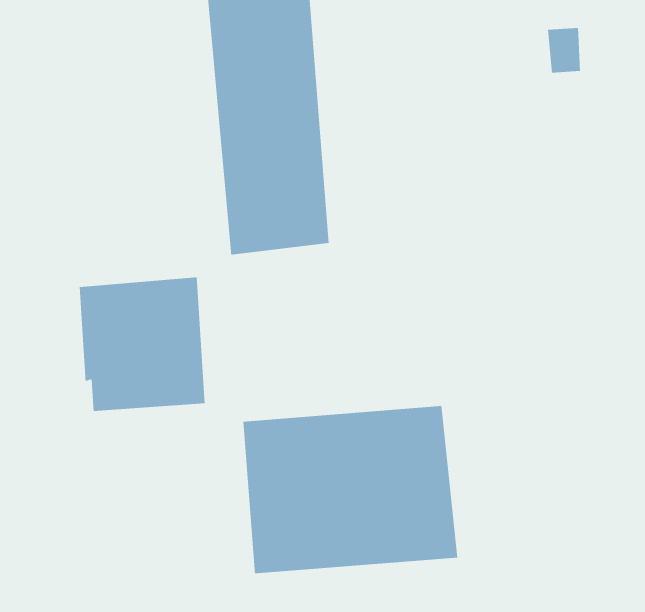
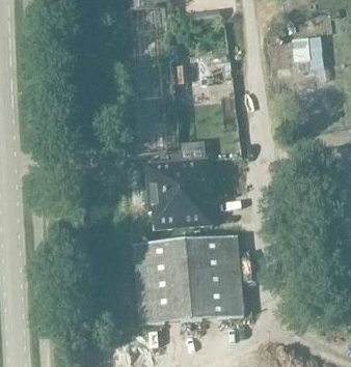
building: [79,277,206,412] -> [145,160,212,230]

